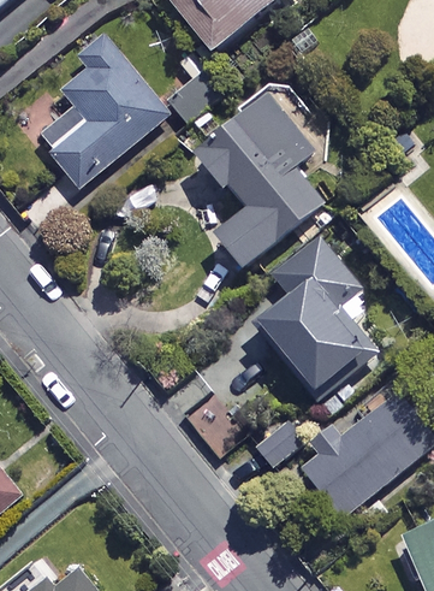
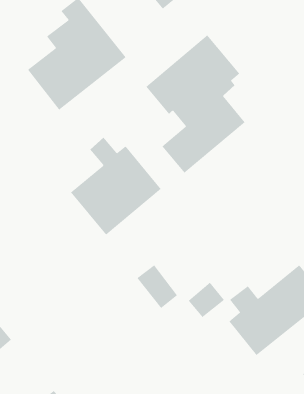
building: none -> [70,137,162,236]
building: [252,236,376,412] -> none

